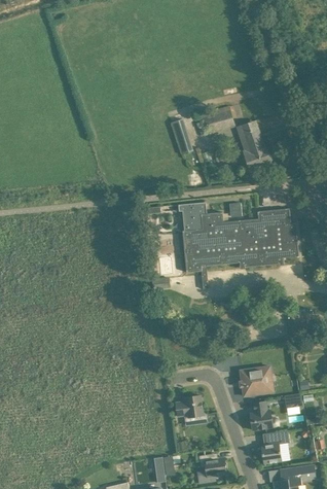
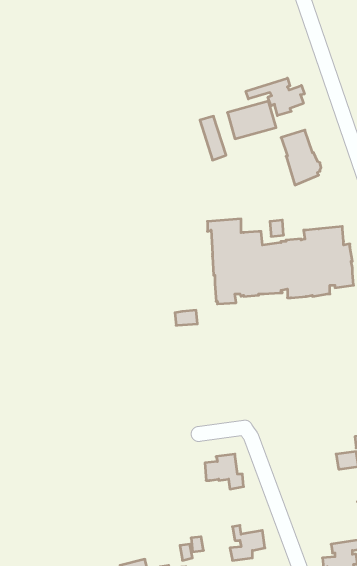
building: none -> [246,78,304,116]
building: [240,366,274,396] -> none
building: [250,401,280,430] -> none
building: [260,430,289,463] -> none

